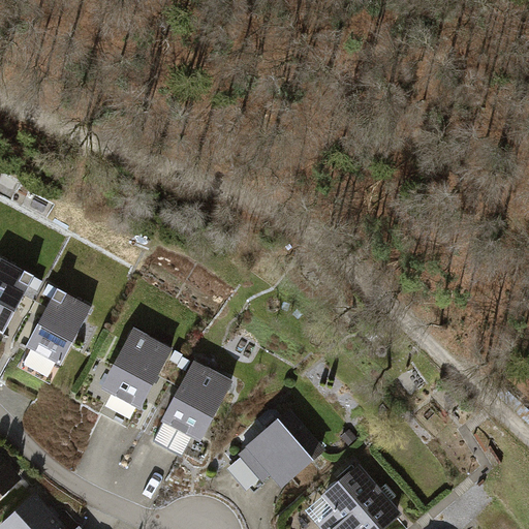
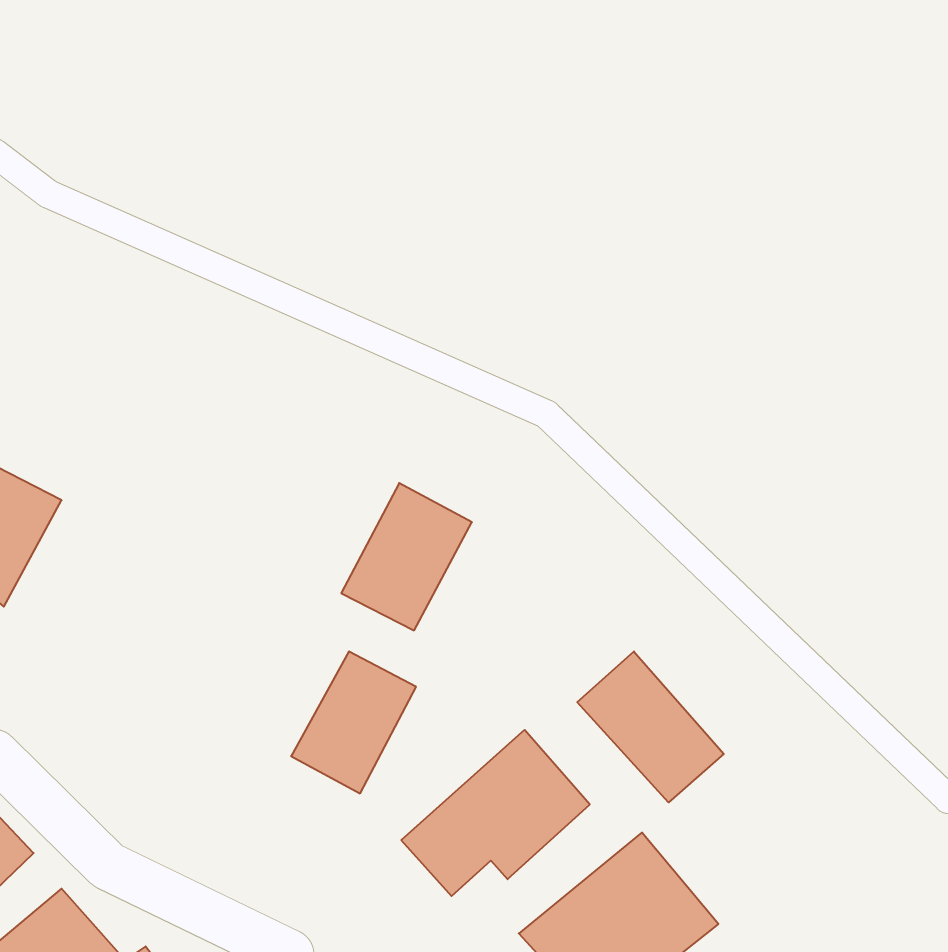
building: [26,289,93,368] -> none
building: [99,329,172,410] -> [341,483,472,630]
building: none -> [577,651,724,802]

